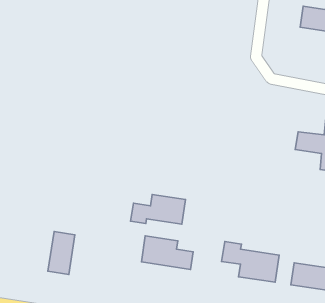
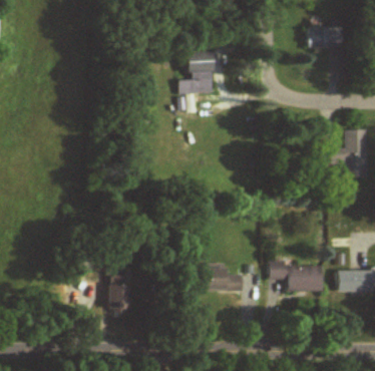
building: none -> [180,51,214,94]
building: [131,195,186,224] -> none

